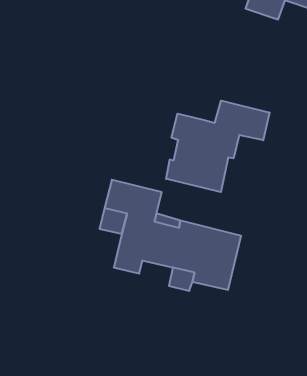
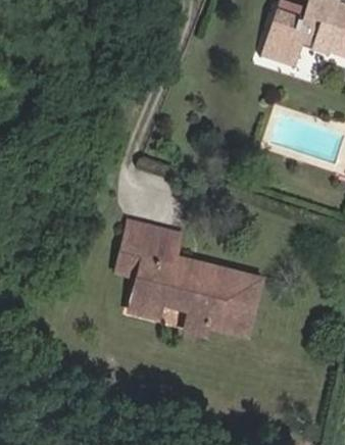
building: [166,101,270,192] -> none

